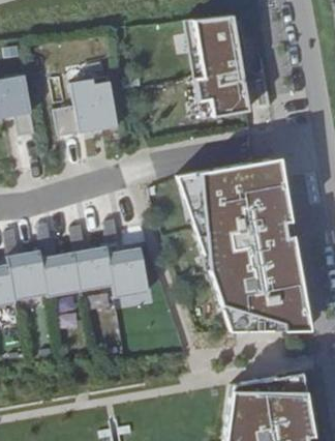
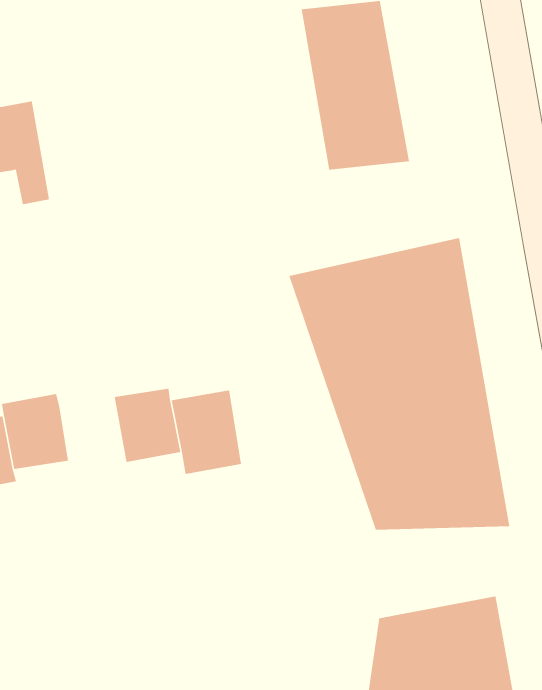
building: [56,74,120,136] -> none
building: [42,252,82,297] -> none

